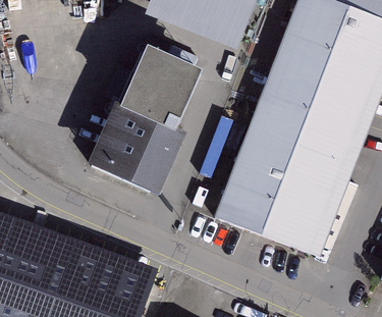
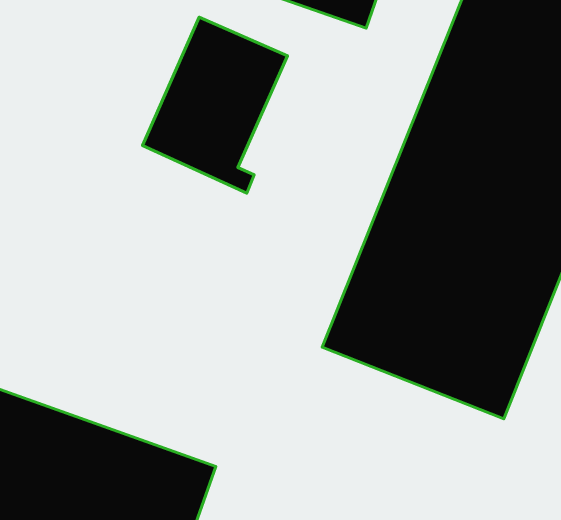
building: [90,103,173,187] -> none

